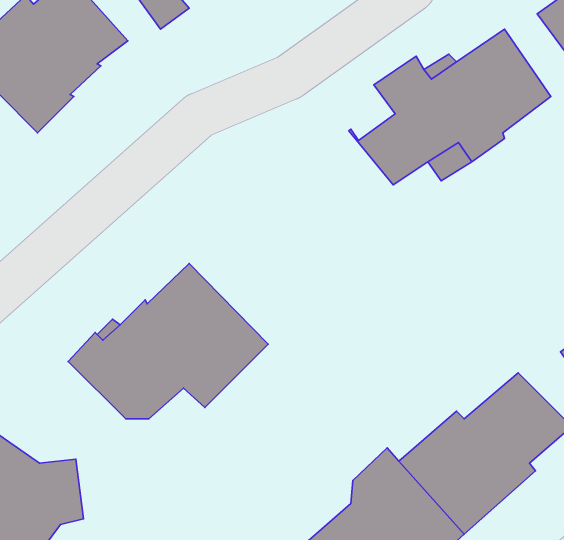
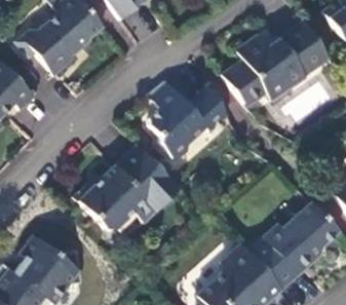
building: none -> [146,80,227,157]

